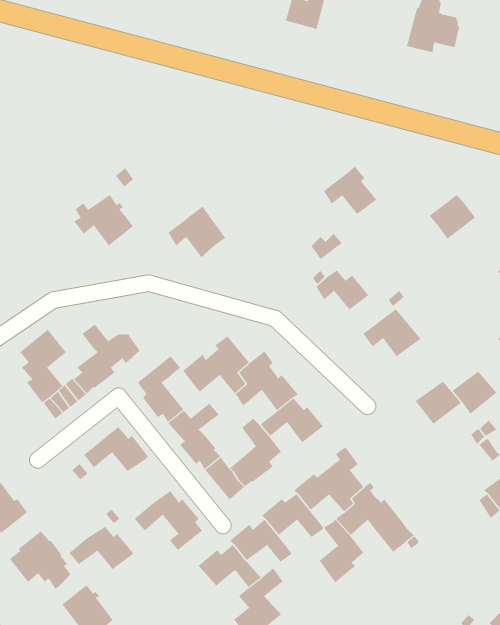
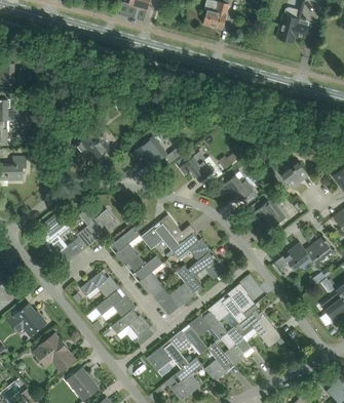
building: [323,166,377,215] -> [179,152,212,182]
building: [429,194,476,239] -> [279,162,308,190]
building: [68,526,134,570] -> [94,291,135,318]
building: none -> [204,342,231,381]

